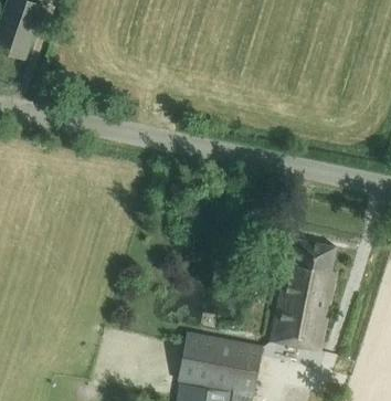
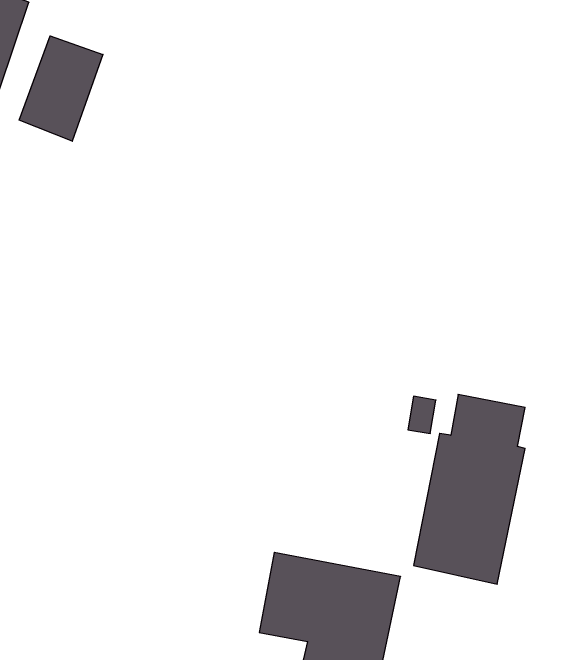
building: none -> [19,36,103,141]

